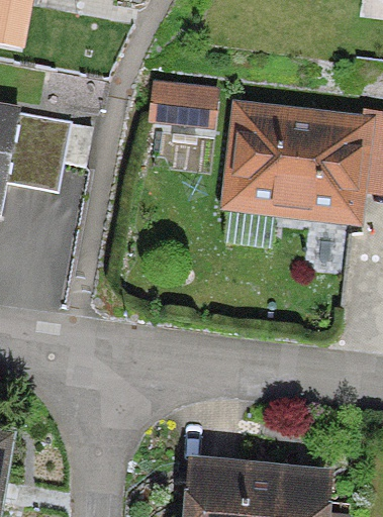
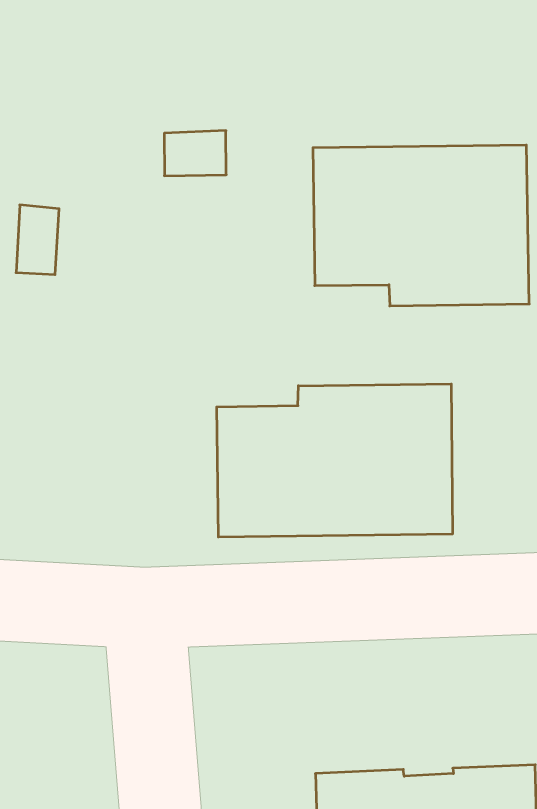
building: none -> [217,384,452,537]

